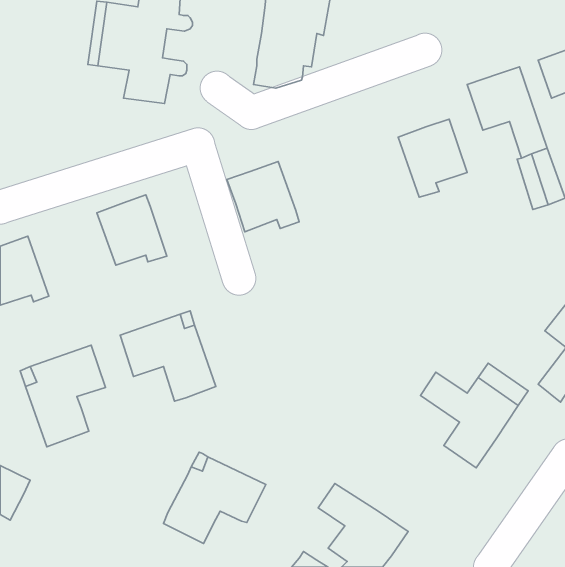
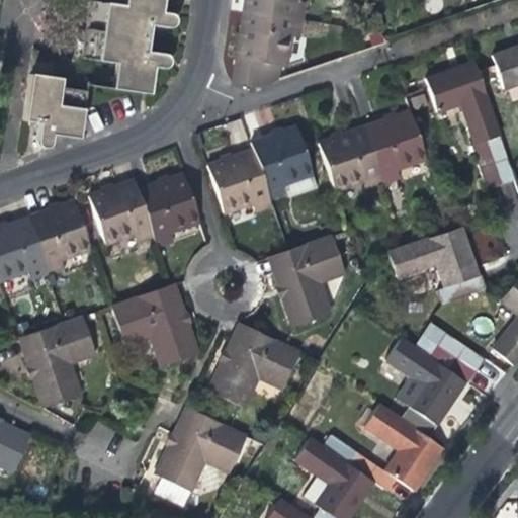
building: none -> [24,75,88,149]
building: none -> [254,123,316,191]
building: none -> [321,124,384,187]
building: none -> [140,172,200,241]
building: none -> [28,199,91,269]
building: none -> [390,226,490,305]
building: none -> [272,233,348,324]
building: none -> [208,327,300,406]
building: none -> [347,404,446,490]

